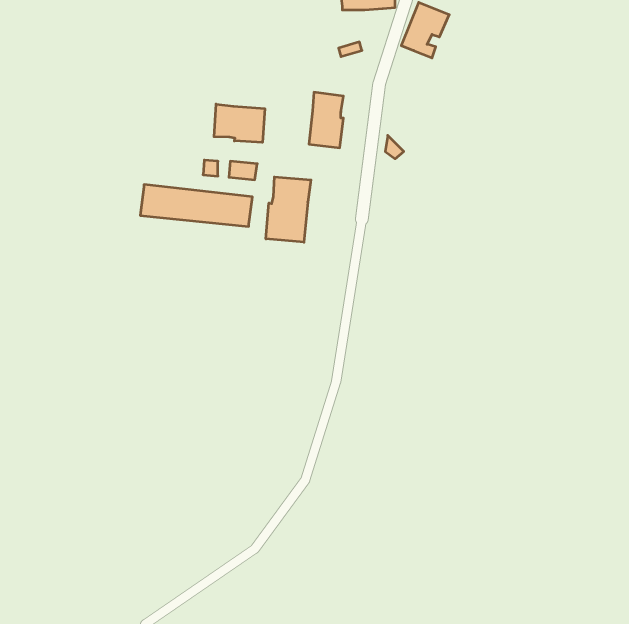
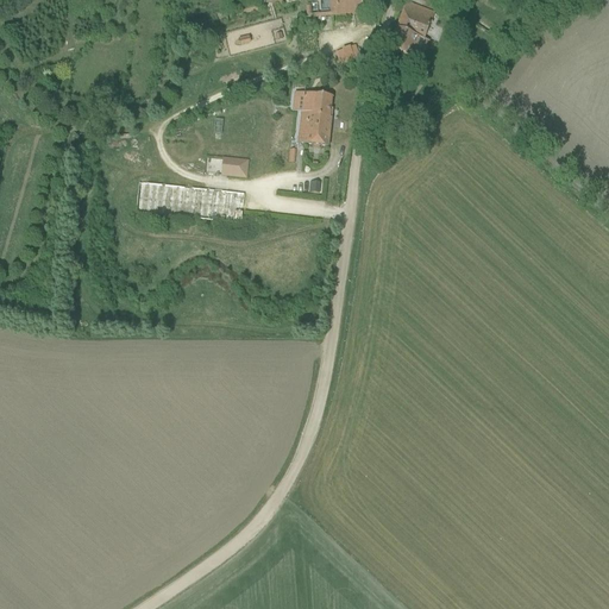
building: [214,104,265,142] -> none
building: [266,177,311,242] -> none

